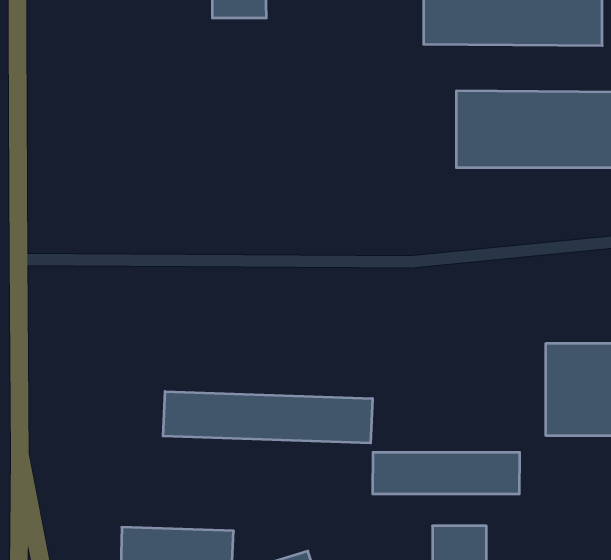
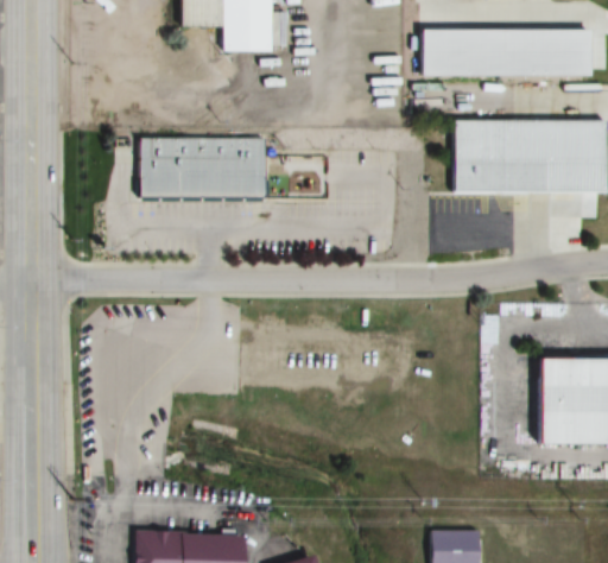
building: none -> [144,139,270,198]
building: [163,391,372,443] -> none
building: [373,452,520,494] -> none

